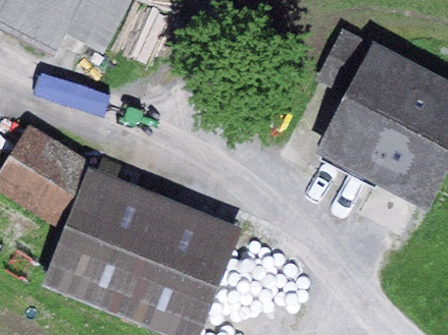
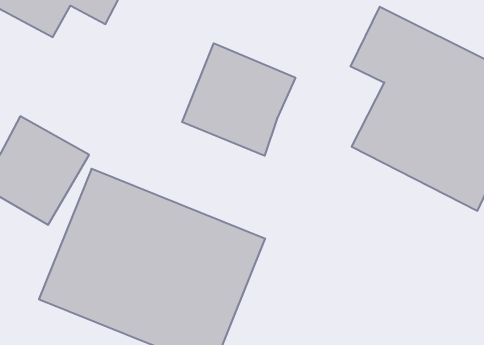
building: none -> [182,43,295,156]

